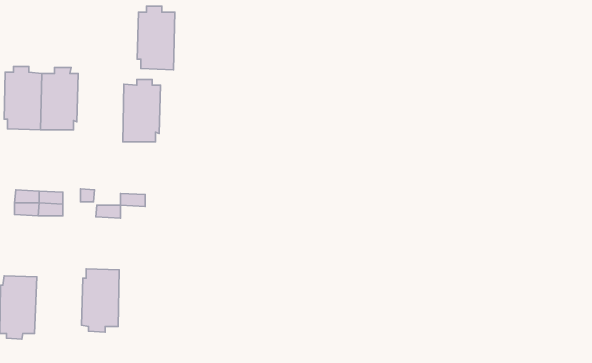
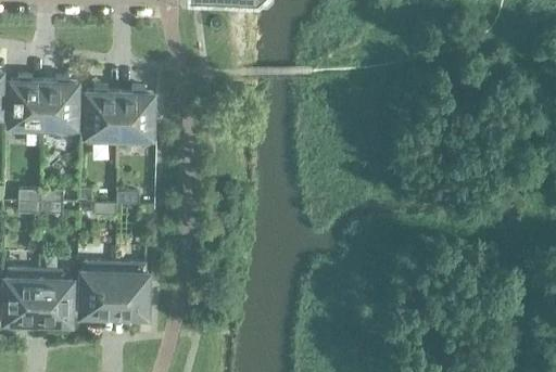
building: [137,6,175,70] -> [84,89,118,147]
building: none -> [113,266,147,324]
building: none -> [36,272,71,331]

